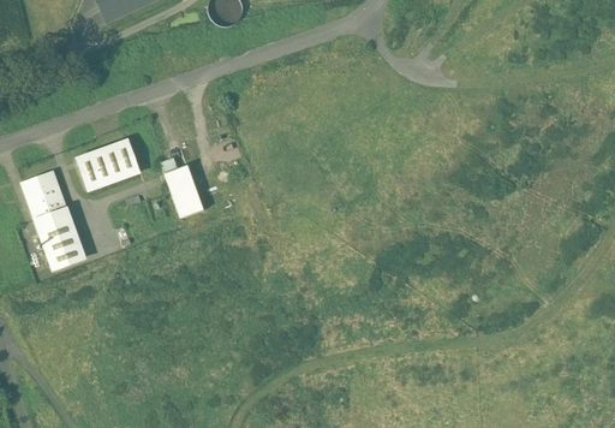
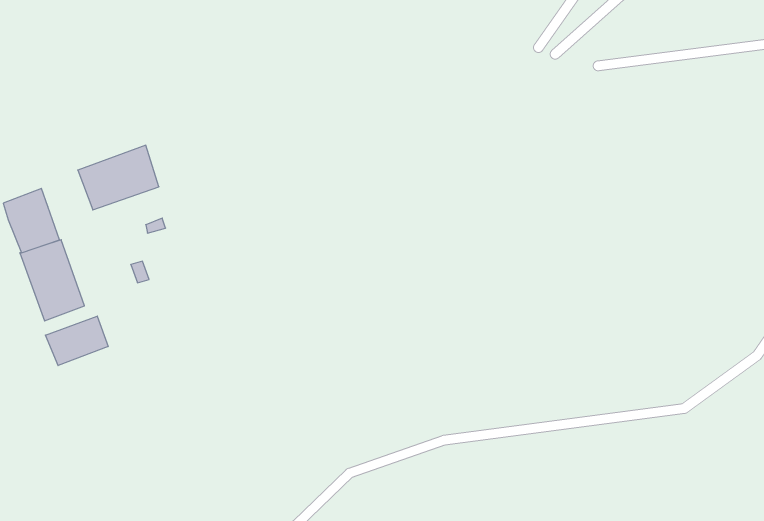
building: [160,156,204,218] -> none
building: none -> [45,316,108,366]

